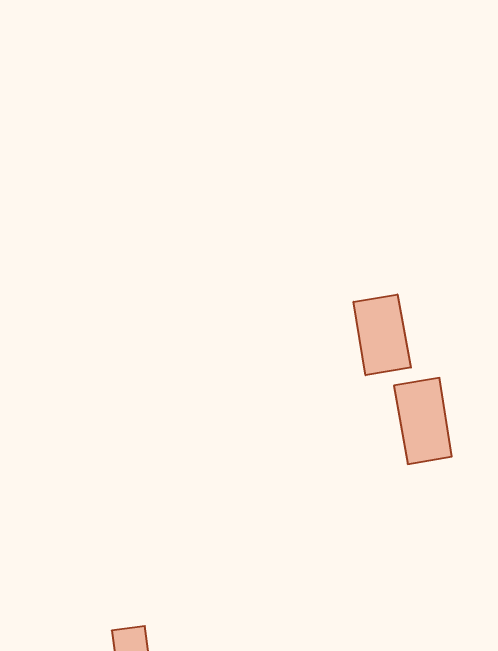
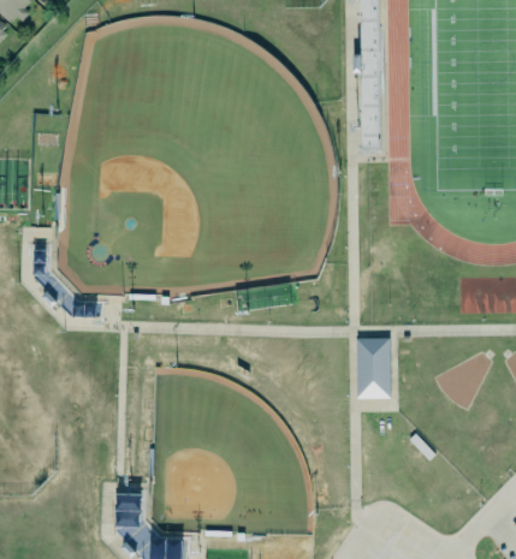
building: [354,294,411,375] -> none

